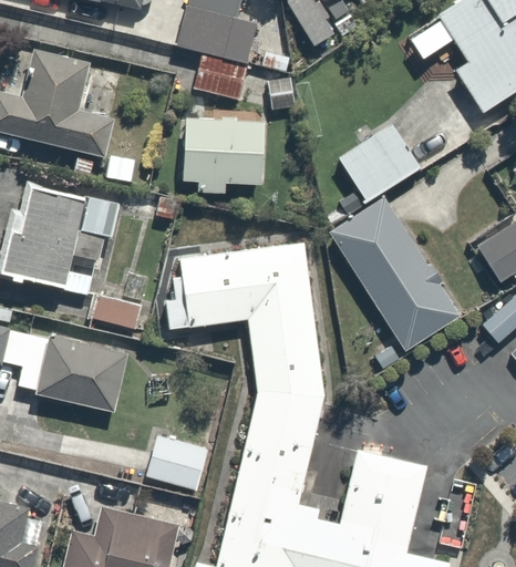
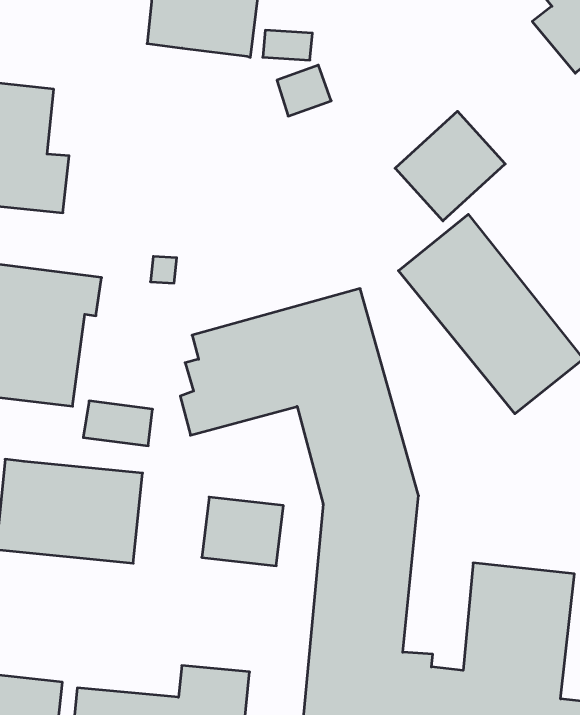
building: [190,53,246,102] -> none
building: [185,117,266,195] -> none
building: [146,435,209,491] -> [202,497,283,566]

